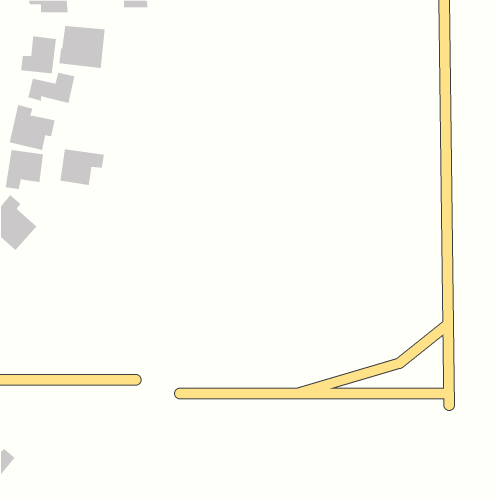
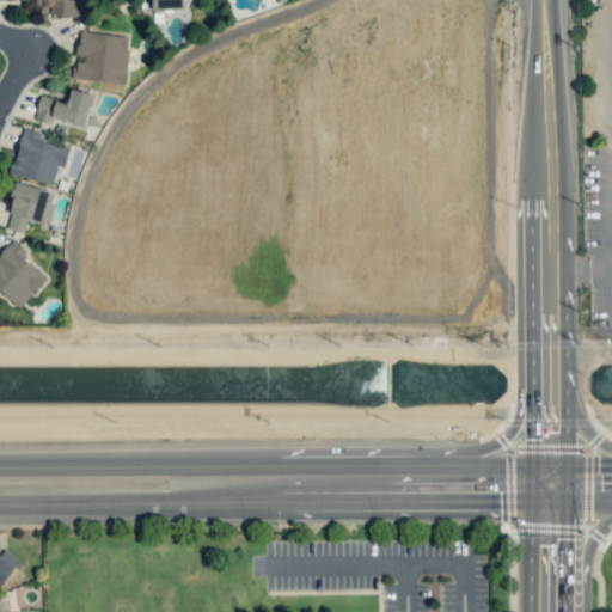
building: [21,36,56,74] -> none
building: [60,149,105,186] -> none

